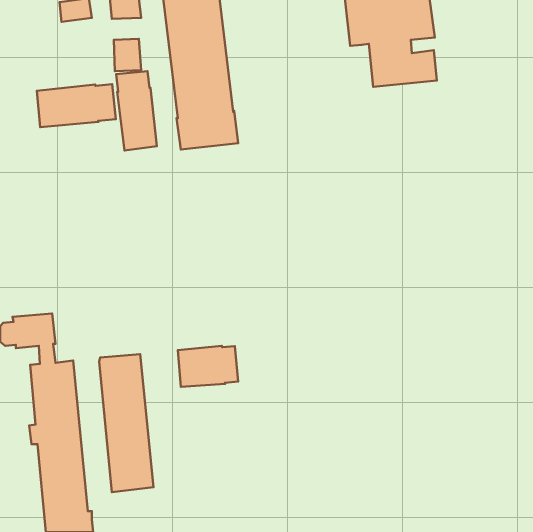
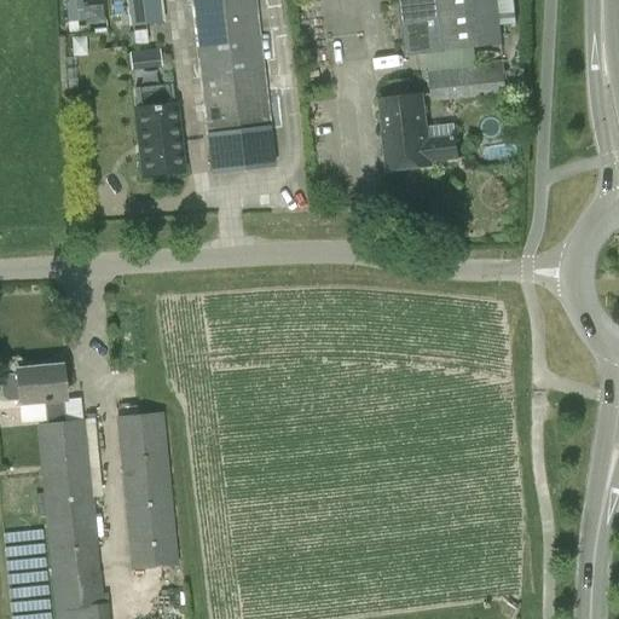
building: none -> [380,93,458,169]
building: [37,84,116,127] -> none
building: [178,346,238,387] -> none

